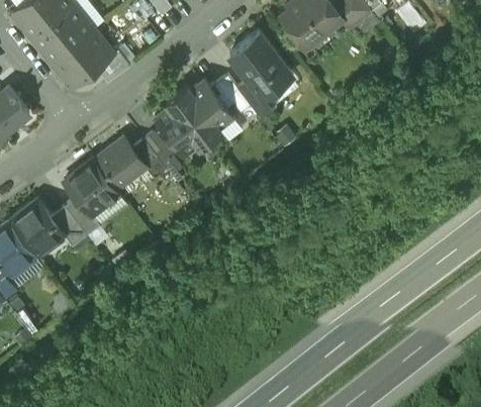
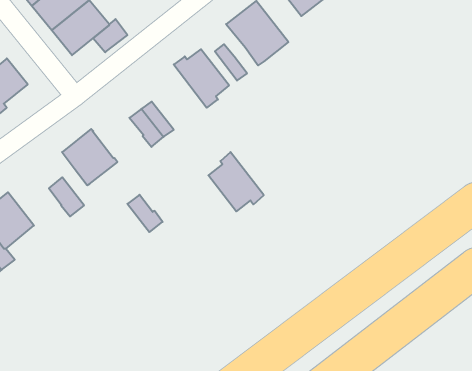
building: [236,77,275,115] -> none
building: [154,94,209,154] -> [208,152,264,211]
building: [94,137,146,188] -> none
building: [64,198,99,235] -> [127,195,163,232]
building: [9,201,63,256] -> none

